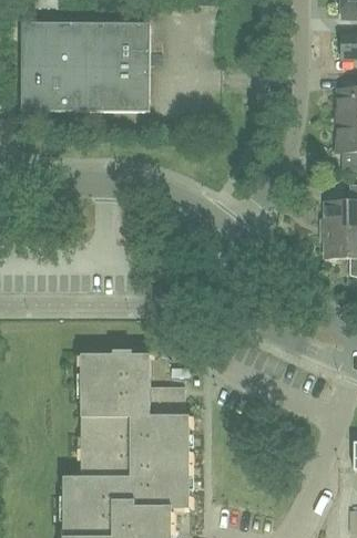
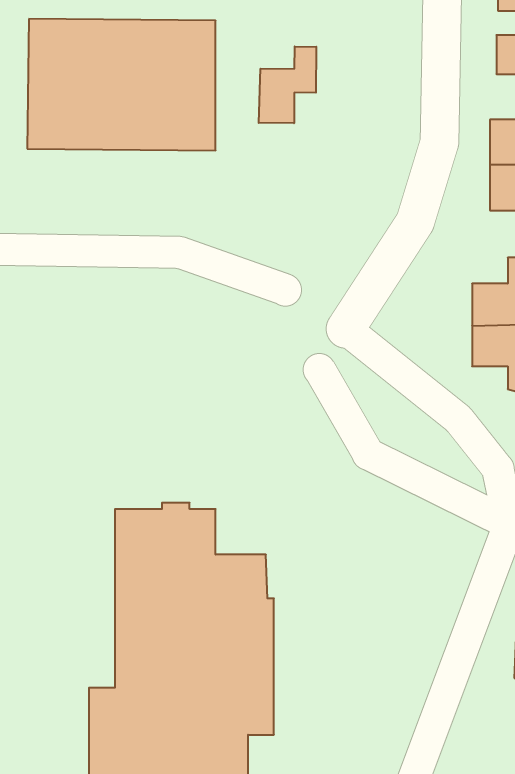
building: none -> [259,46,316,123]

